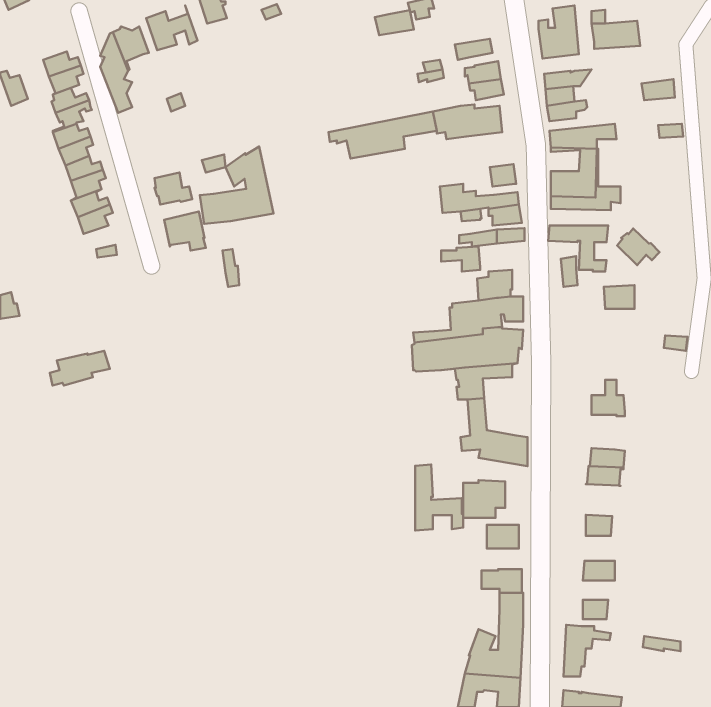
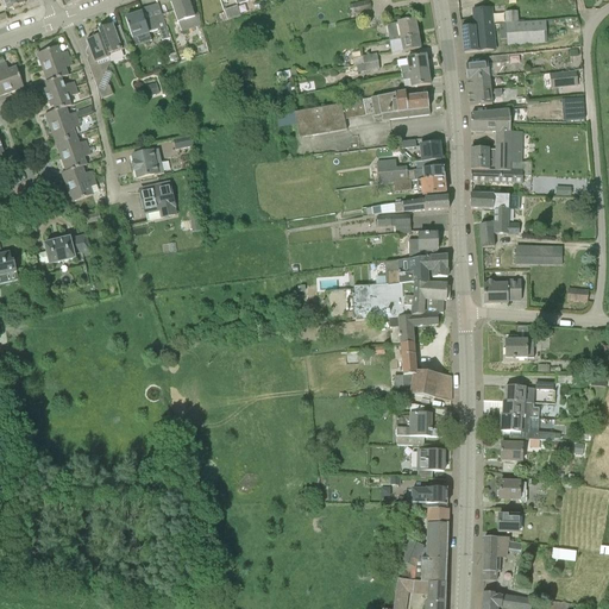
building: [375,10,414,35] -> [385,17,419,38]
building: [200,147,273,224] -> none
building: [617,228,660,265] -> none
building: none -> [483,277,521,301]
building: [50,351,110,386] -> [38,233,89,263]
building: [415,464,463,531] -> none
building: none -> [501,414,554,438]

